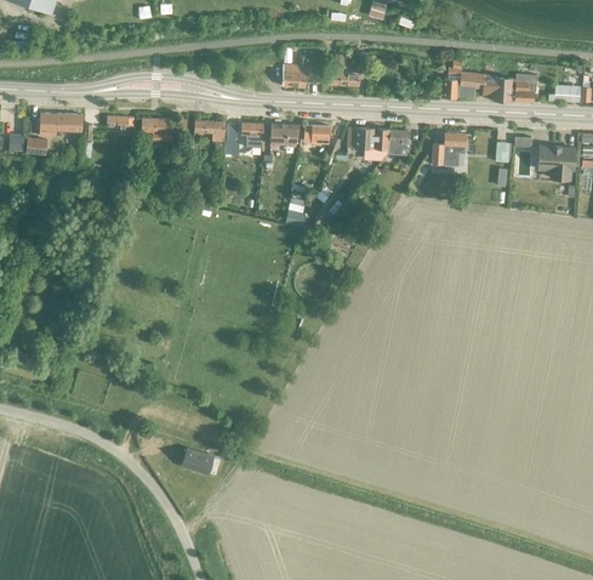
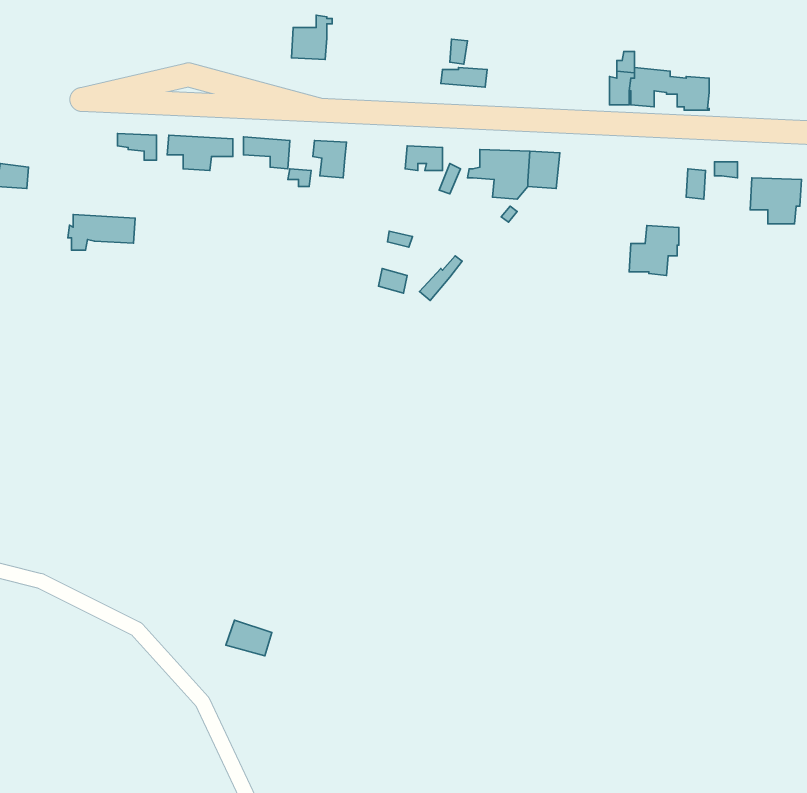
building: [283,56,310,86] -> [291,15,332,60]
building: [512,74,537,101] -> none
building: [38,112,84,136] -> [68,215,135,250]
building: [269,123,300,146] -> none
building: [433,132,467,166] -> [629,226,679,275]

